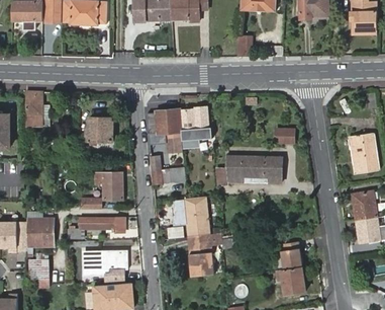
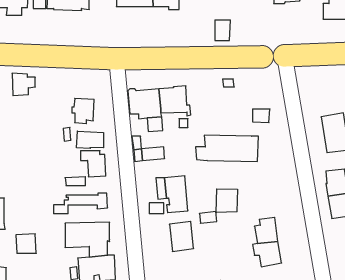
building: none -> [77,131,104,148]
building: none -> [216,189,237,213]
building: [16,221,54,248] -> none

